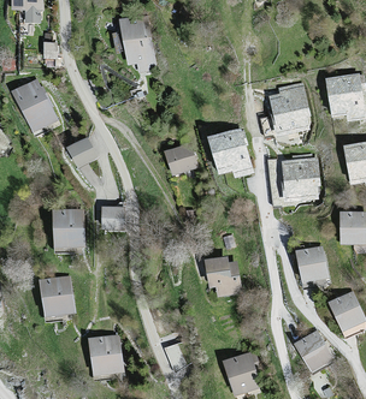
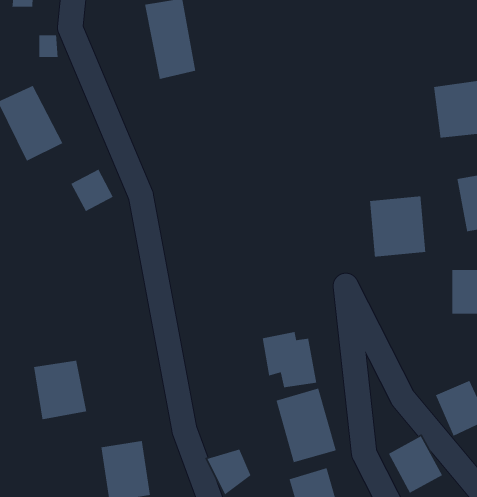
building: [268,87,313,135] -> none
building: [208,127,252,175] -> none
building: [165,144,199,175] -> none
building: [102,207,126,232] -> none
building: [53,208,85,250] -> none
building: [295,245,327,282] -> none
building: none -> [275,388,337,463]

